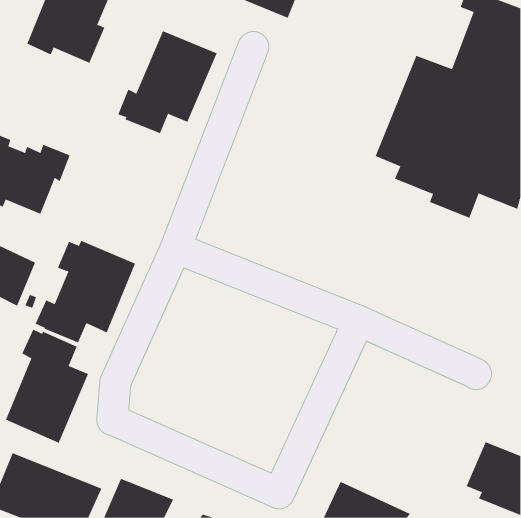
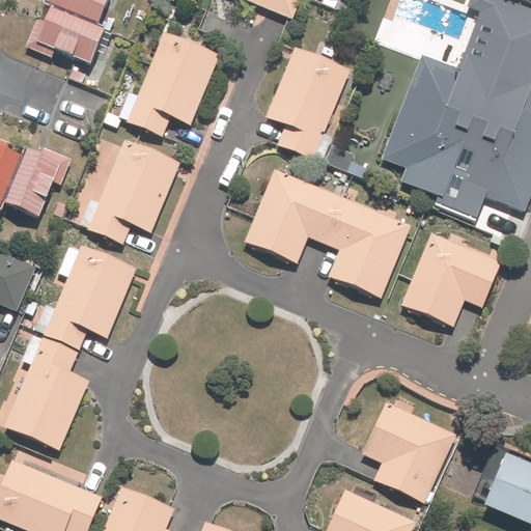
building: none -> [266,47,351,161]
building: none -> [80,138,180,244]
building: none -> [245,168,412,298]
building: none -> [400,231,502,328]
building: none -> [362,401,456,502]

